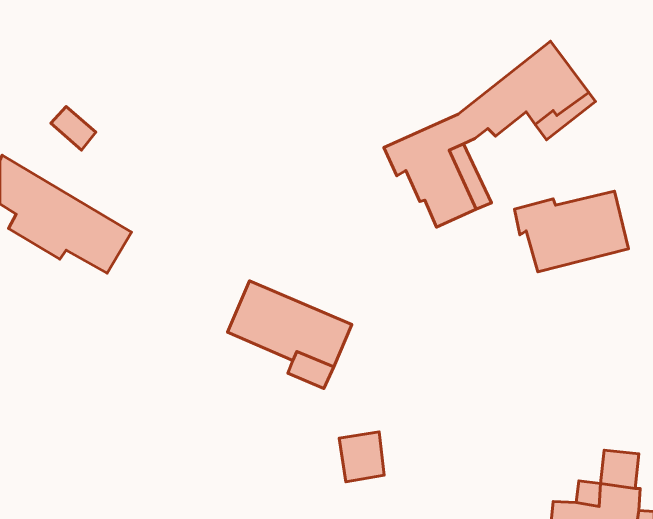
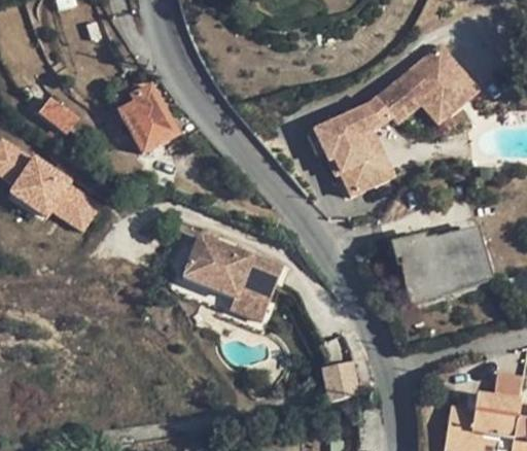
building: none -> [119,88,176,153]
building: [515,191,629,272] -> [393,234,485,299]
building: [339,432,384,482] -> [325,359,361,400]

